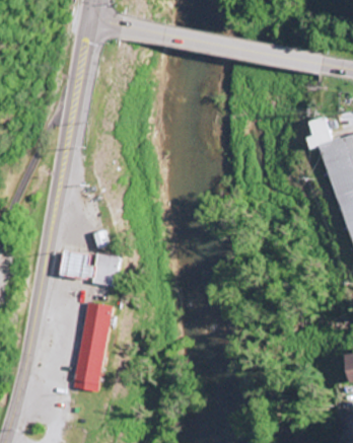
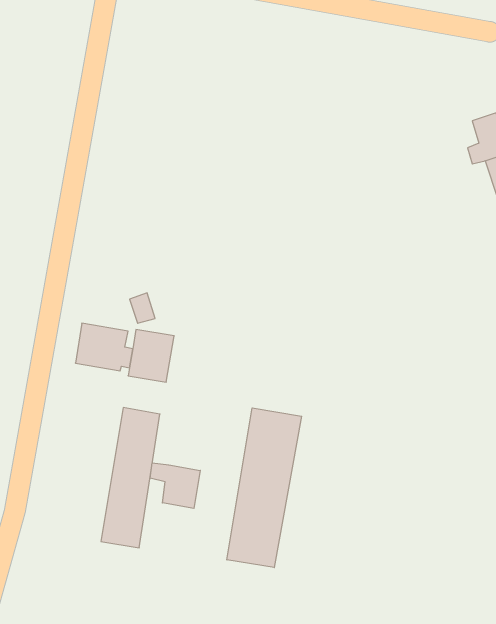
building: none -> [227,408,302,568]
building: none -> [150,463,200,508]

